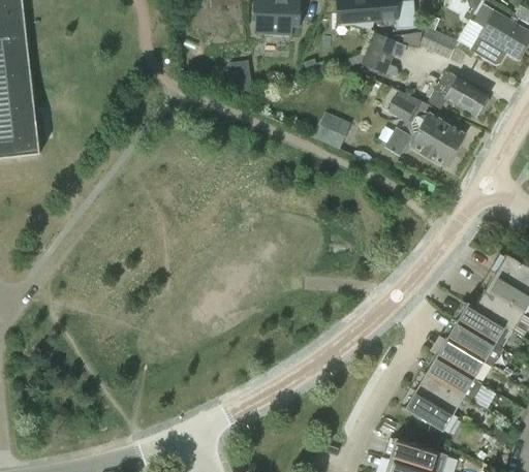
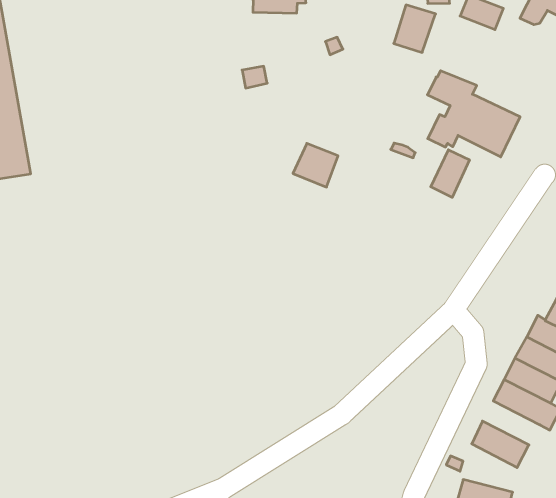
building: [428,71,488,118] -> none
building: [311,112,350,150] -> [293,143,338,187]
building: none -> [431,150,469,197]
building: [415,374,464,413] -> none

